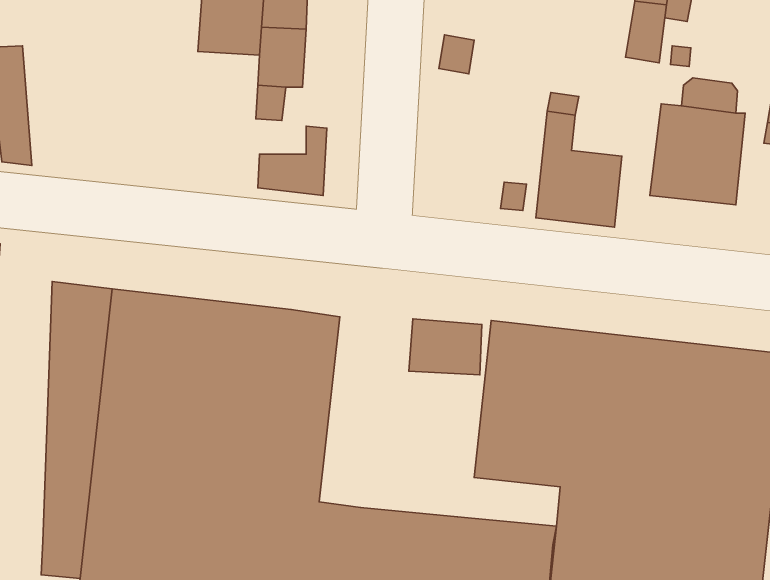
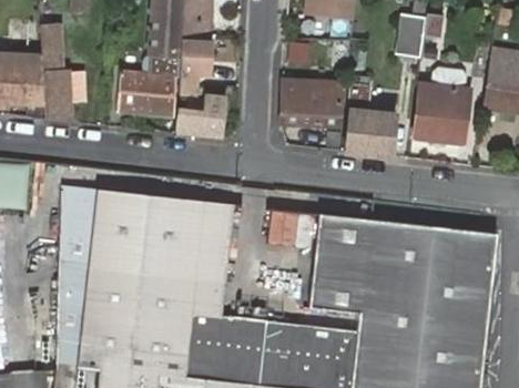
building: none -> [41,27,73,121]
building: none -> [120,69,180,132]
building: none -> [282,78,343,122]

